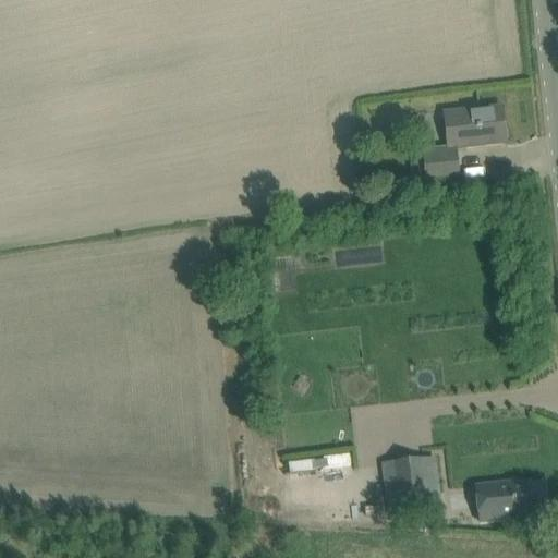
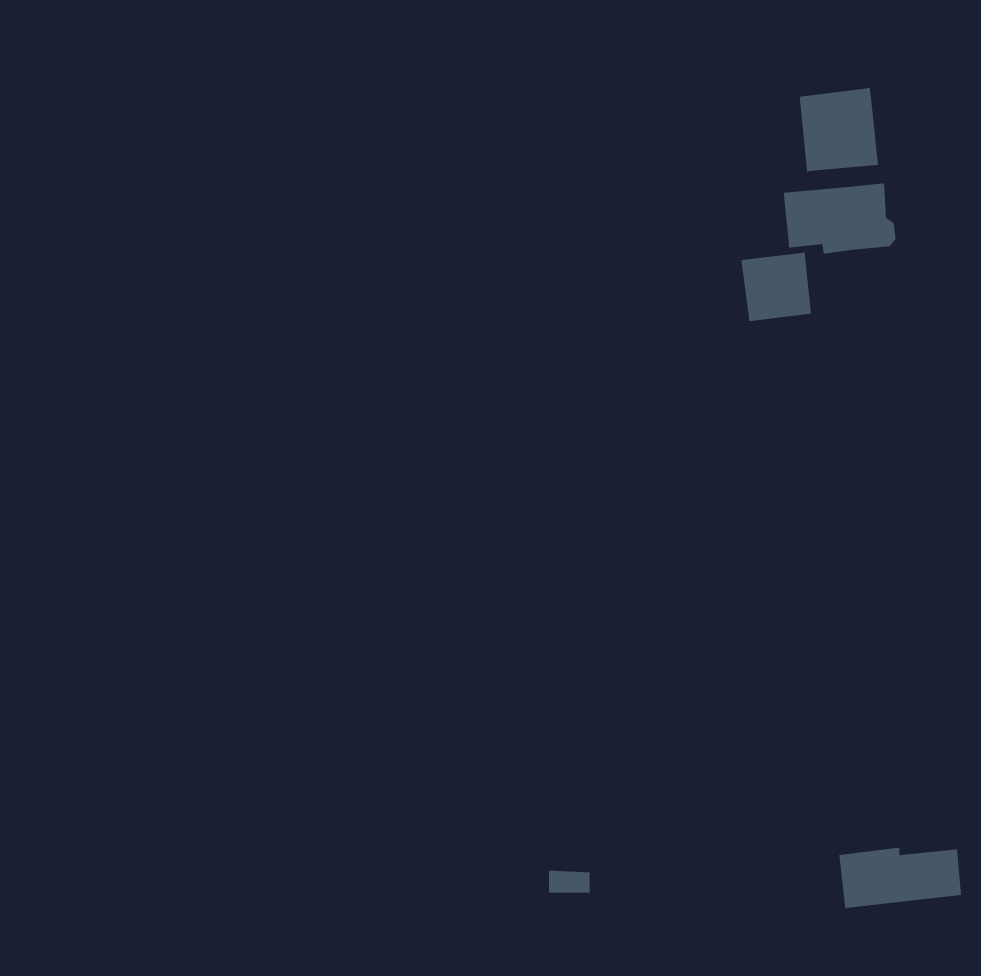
building: none -> [799,87,878,173]
building: [385,457,428,512] -> none

